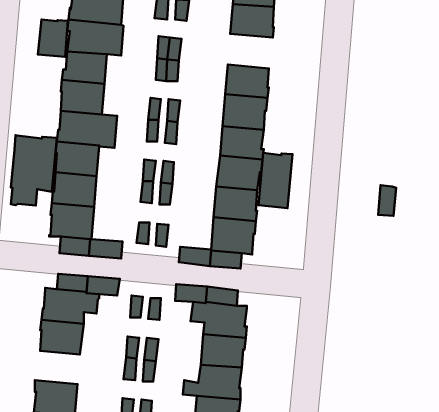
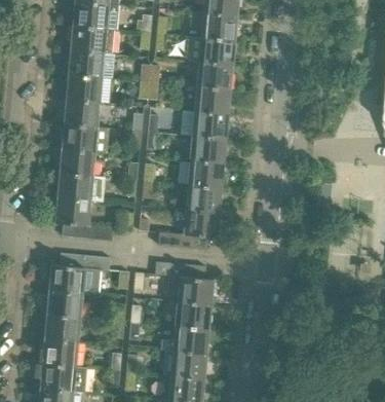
building: [38,20,68,57] -> none
building: none -> [198,61,234,88]
building: [11,135,57,206] -> none
building: [258,153,292,208] -> none
building: none -> [44,315,80,341]

